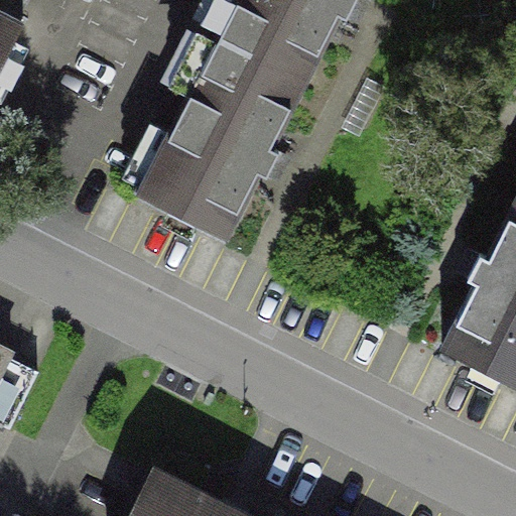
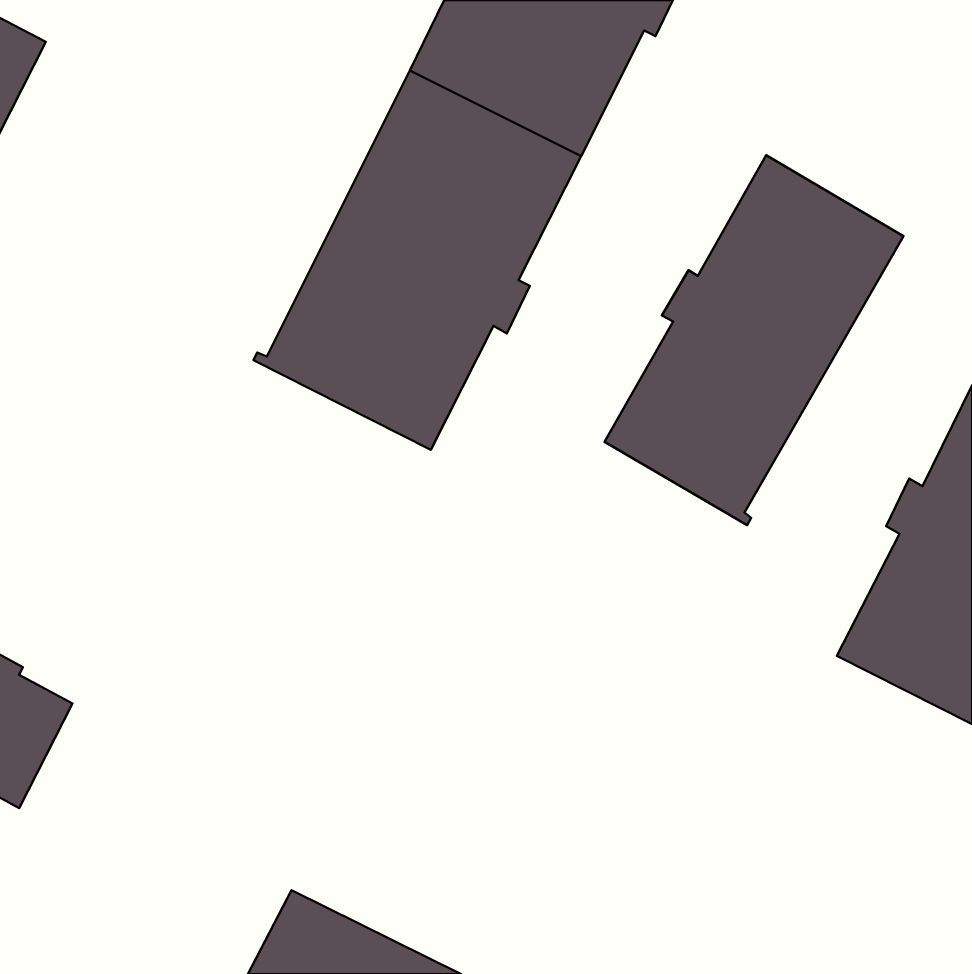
building: none -> [605,155,903,525]

